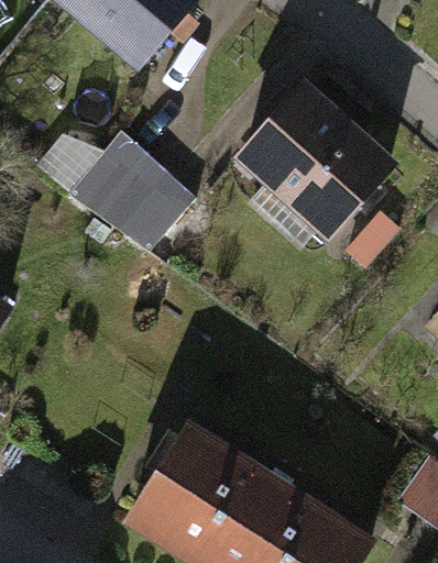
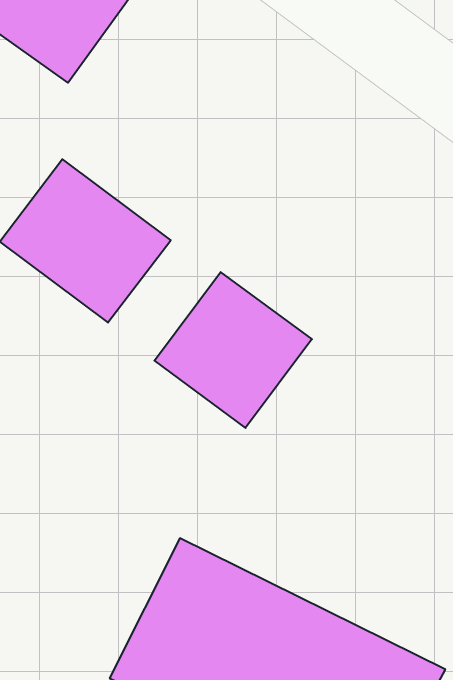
building: [233,86,398,246] -> none
building: none -> [154,272,312,428]

